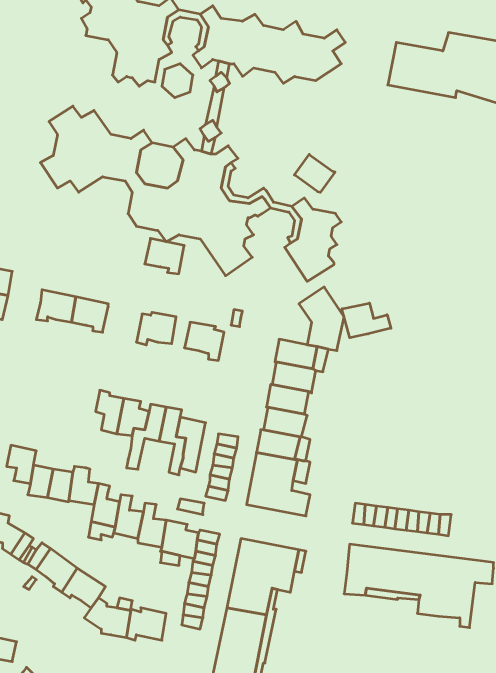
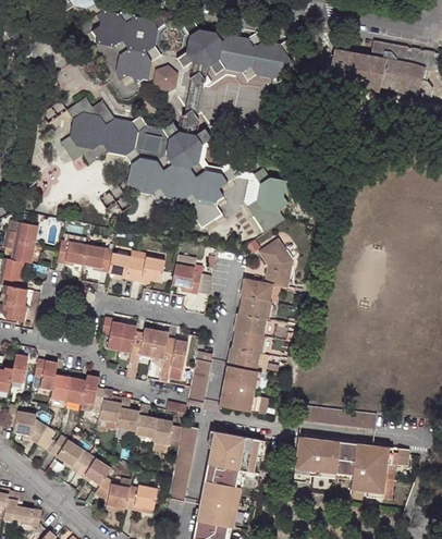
building: [294,154,335,192] -> none
building: [145,238,184,274] -> [108,253,138,280]
building: [342,303,391,338] -> none

